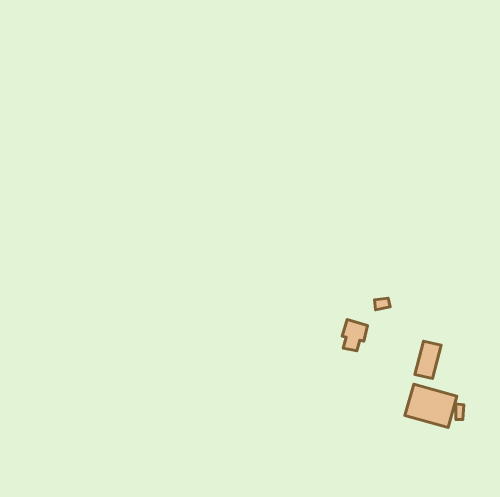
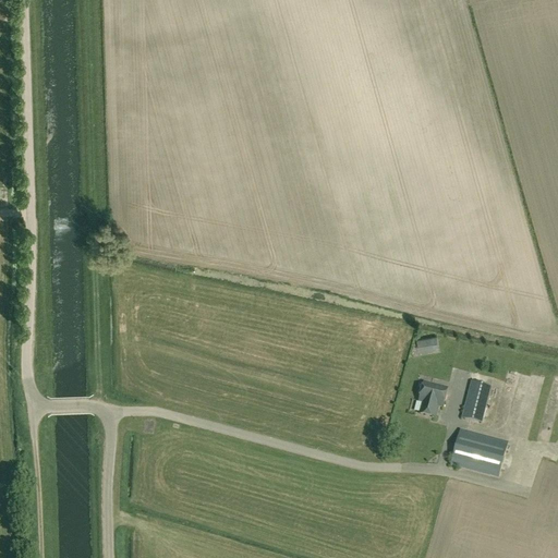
building: [342,320,368,351] -> [417,380,446,415]

